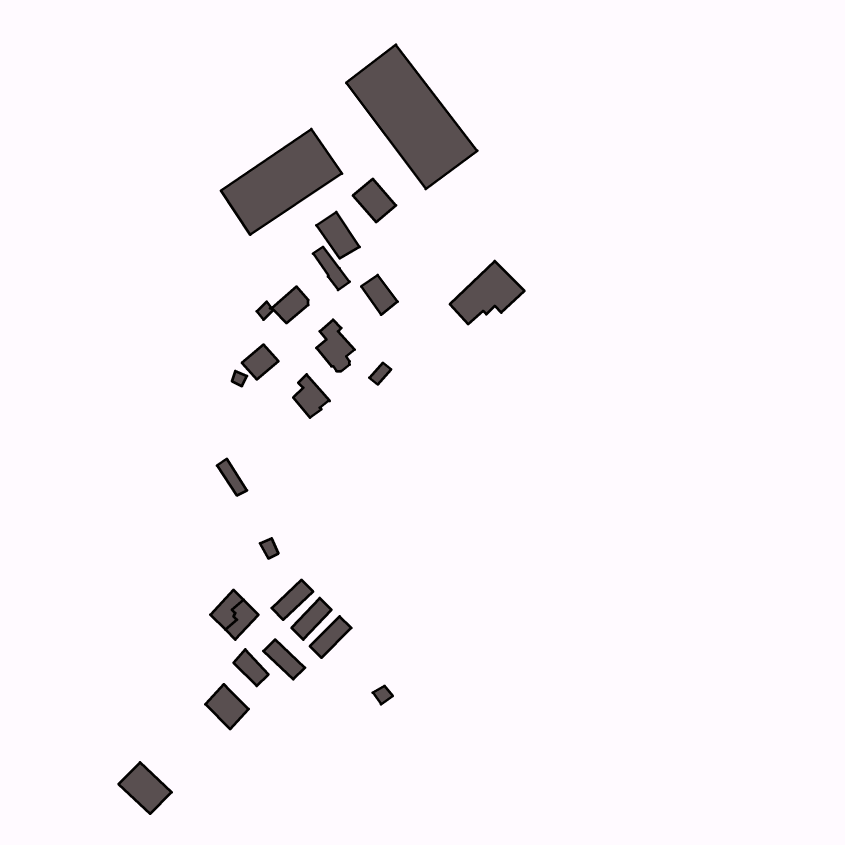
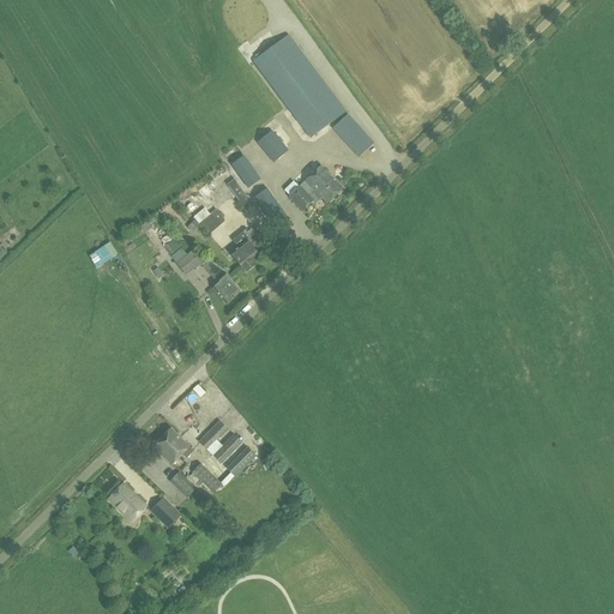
building: [221,129,342,235] -> none
building: none -> [331,113,373,156]
building: [450,261,524,324] -> [288,164,342,210]
building: [119,762,172,814] -> [107,483,145,520]

